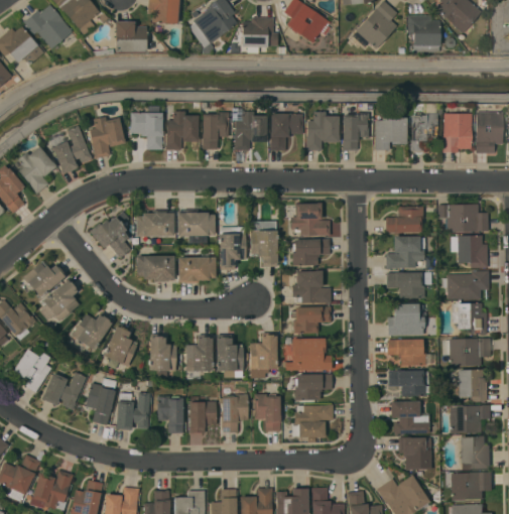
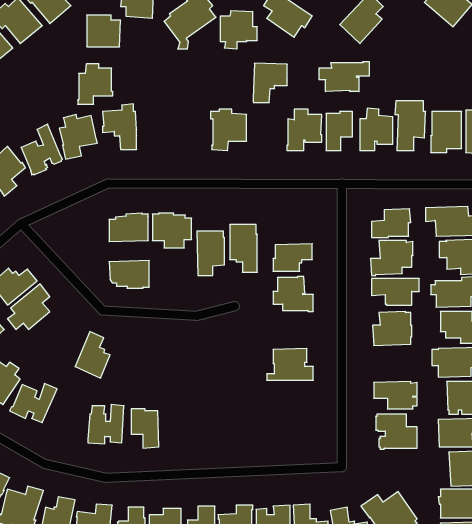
building: [407,15,440,51] -> none
building: none -> [319,62,369,92]
building: [165,111,199,149] -> [78,64,113,104]
building: [203,112,228,149] -> none
building: [270,113,302,150] -> [253,63,287,102]
building: [291,203,330,235] -> none
building: [90,216,131,258] -> none
building: [177,257,216,283] -> none
building: [290,306,331,333] -> none
building: [72,311,114,350] -> none
building: [250,333,277,378] -> none
building: [149,334,176,377] -> none
building: [185,335,213,379] -> none
building: [217,335,243,377] -> none
building: [388,339,425,365] -> none
building: [294,374,332,400] -> none
building: [86,378,117,425] -> none
building: [222,394,248,432] -> none
building: [254,394,280,431] -> none
building: [189,396,217,432] -> none
building: [292,404,333,437] -> none
building: [399,436,435,470] -> none

